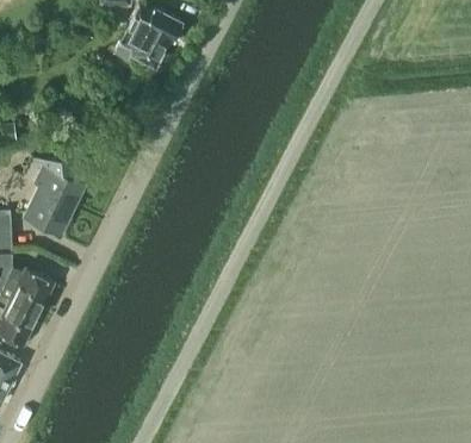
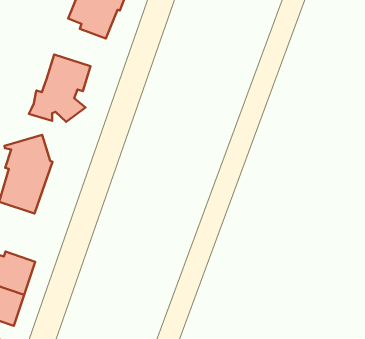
building: none -> [29,54,90,122]

